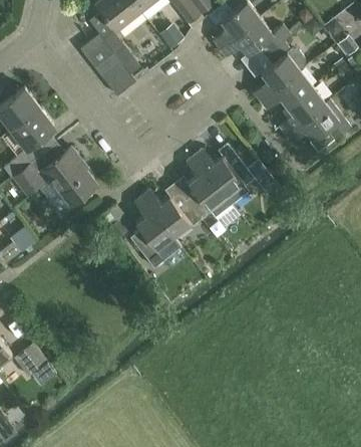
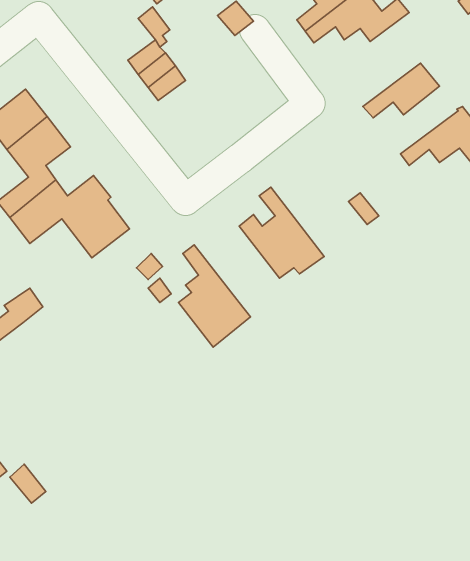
building: [80,36,114,69] -> none
building: [254,42,304,101] -> none
building: [279,87,325,135] -> none
building: [195,145,254,206] -> none
building: [141,185,201,238] -> none

